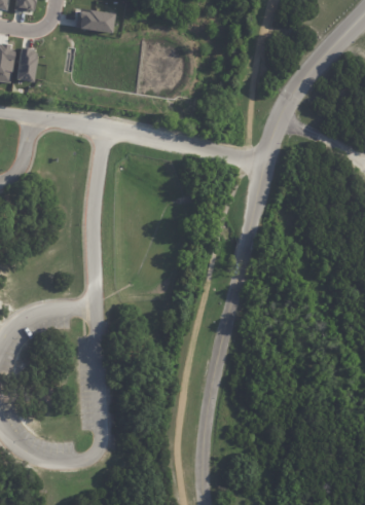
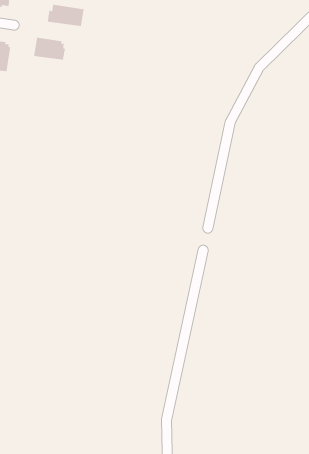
building: none -> [33,37,66,61]

